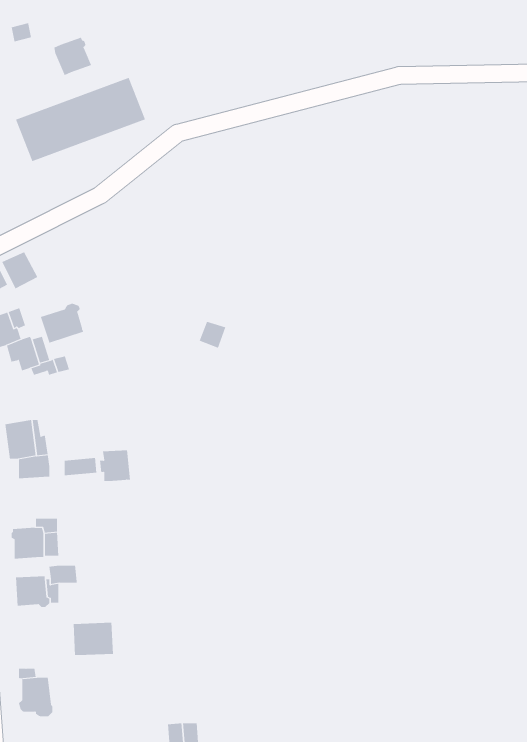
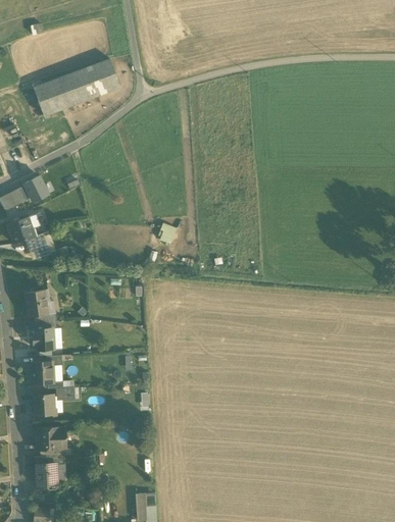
building: [54,37,92,76] -> none
building: [40,303,84,344] -> none
building: [99,450,131,482] -> [33,328,54,350]
building: [73,622,114,656] -> [37,427,64,450]

